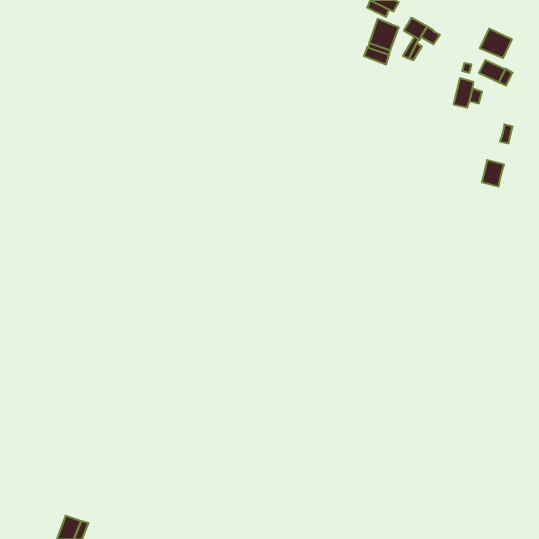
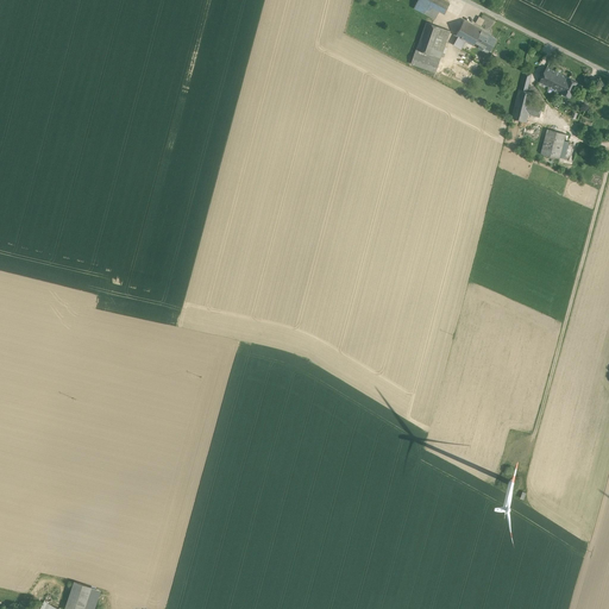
building: [480,28,512,58] -> none
building: [482,160,504,186] -> [541,128,566,158]

